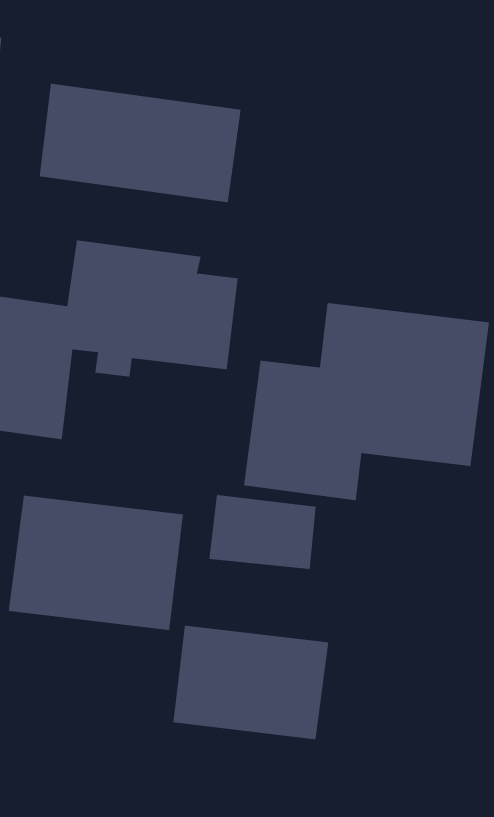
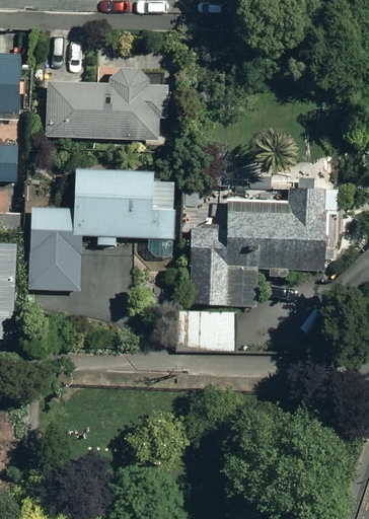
building: [8,495,184,631] -> none
building: [173,625,329,740] -> none

